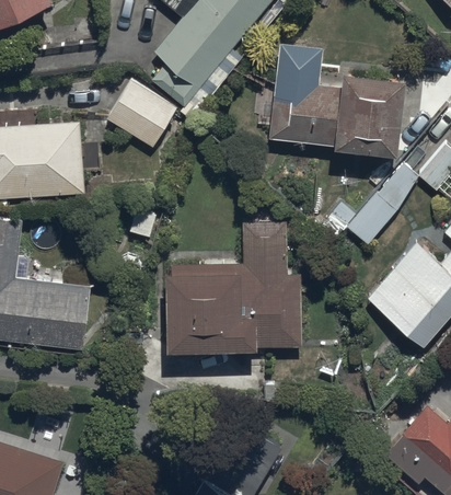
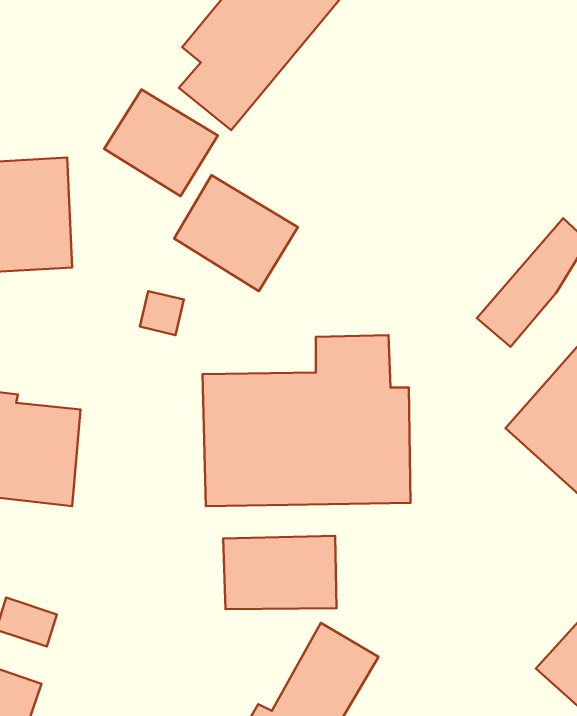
building: [270,44,404,154] -> none
building: none -> [174,175,298,291]
building: none -> [223,536,336,609]

